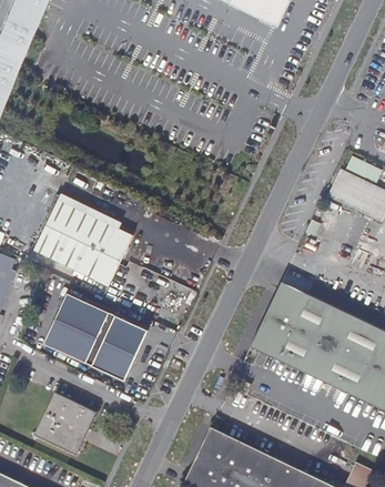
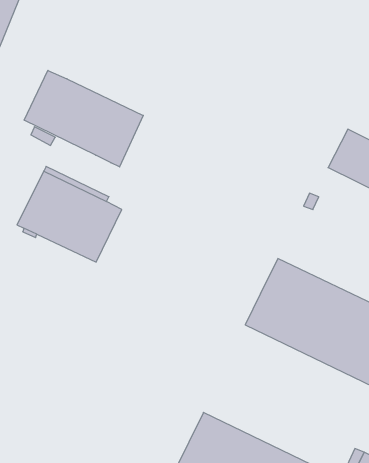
building: none -> [24,70,143,167]
building: [42,292,146,381] -> none
building: [33,396,92,455] -> none

